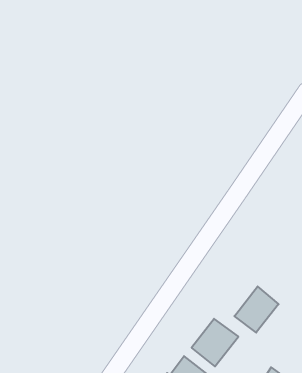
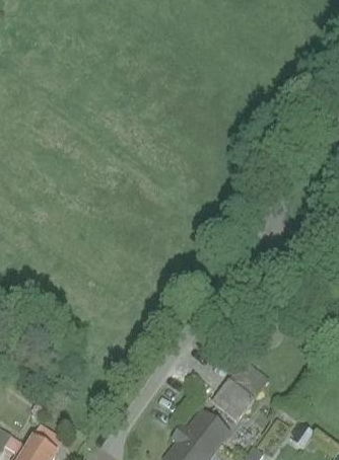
building: [234,286,279,333] -> none

